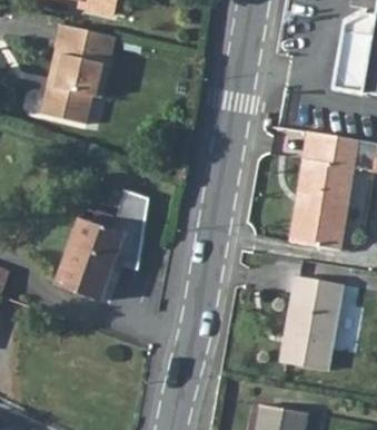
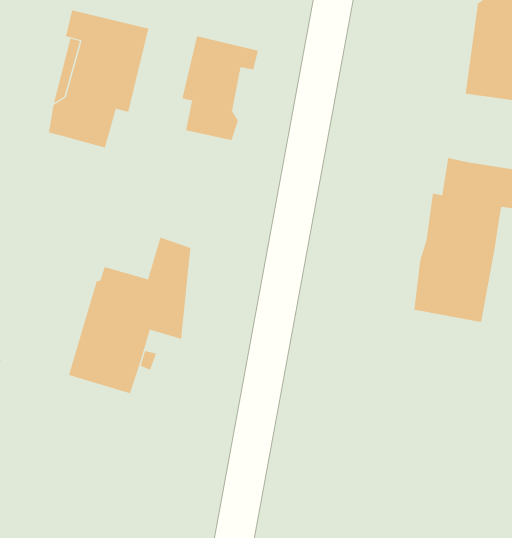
building: none -> [182,35,258,141]
building: [288,278,348,370] -> none

